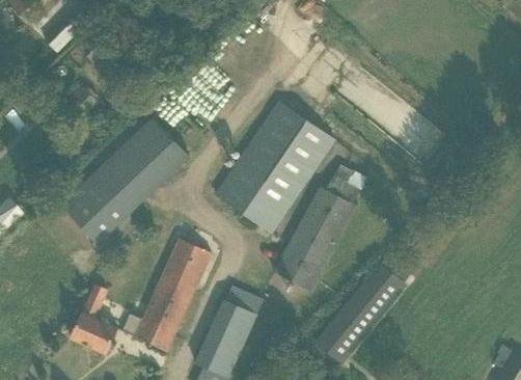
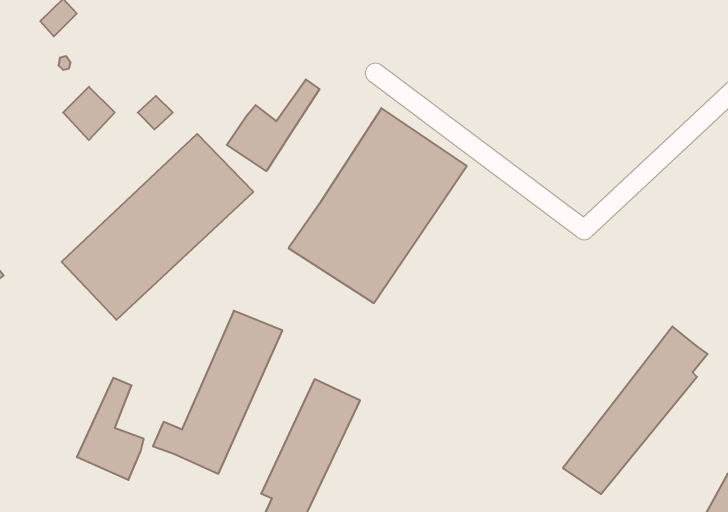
building: none -> [227,79,319,171]
building: [274,163,368,290] -> none
building: [317,249,415,363] -> [563,326,708,494]

